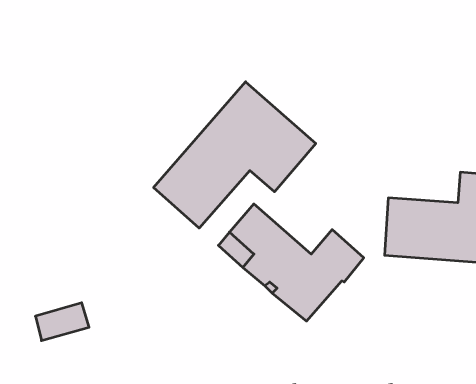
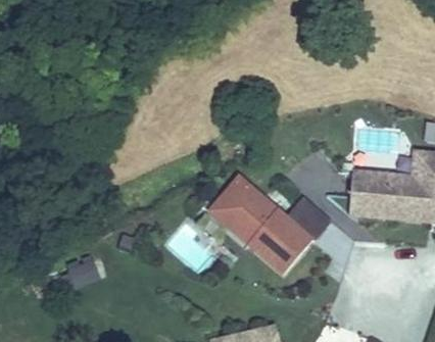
building: [154,82,316,228] -> none

